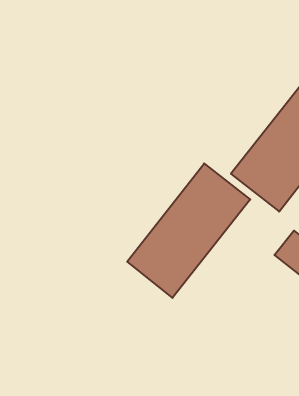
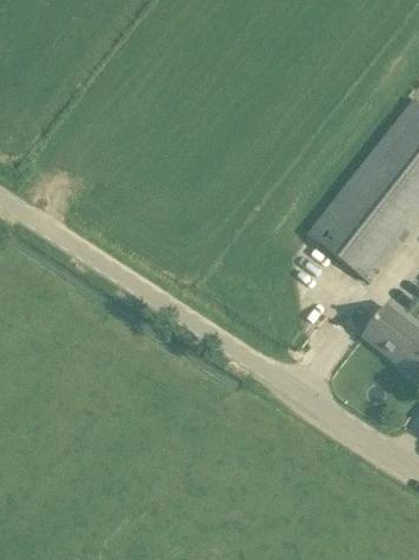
building: [127,163,250,298] -> none

